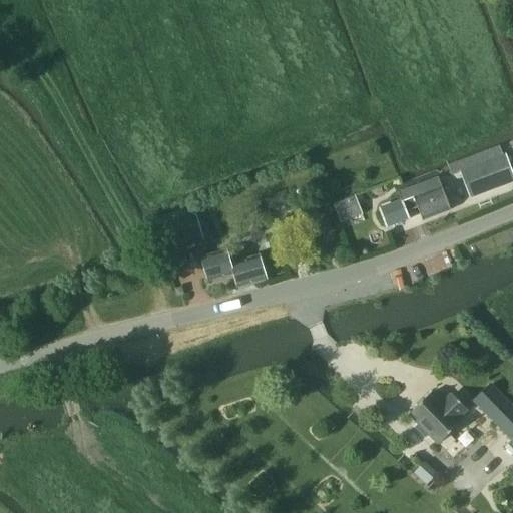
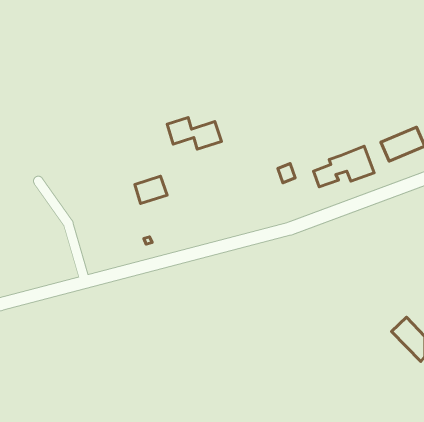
building: [201,247,267,286] -> [167,117,221,149]
building: [409,390,466,443] -> none

